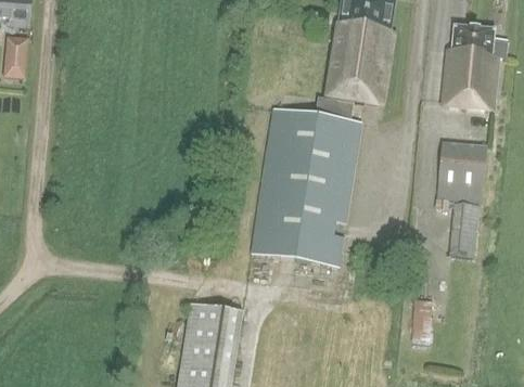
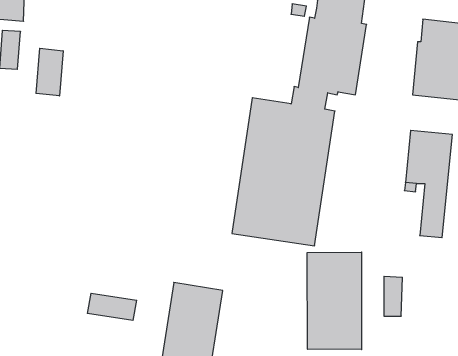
building: none -> [36,48,63,96]
building: none -> [307,252,362,350]
building: none -> [87,293,137,320]

